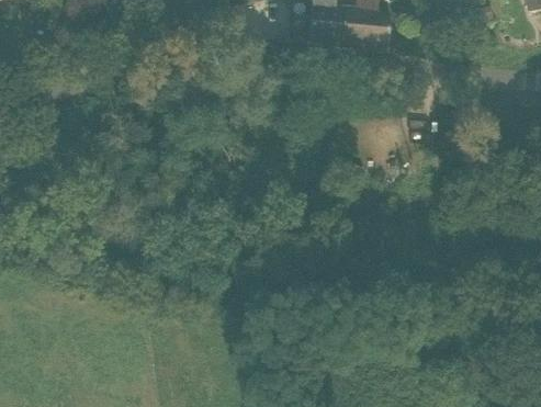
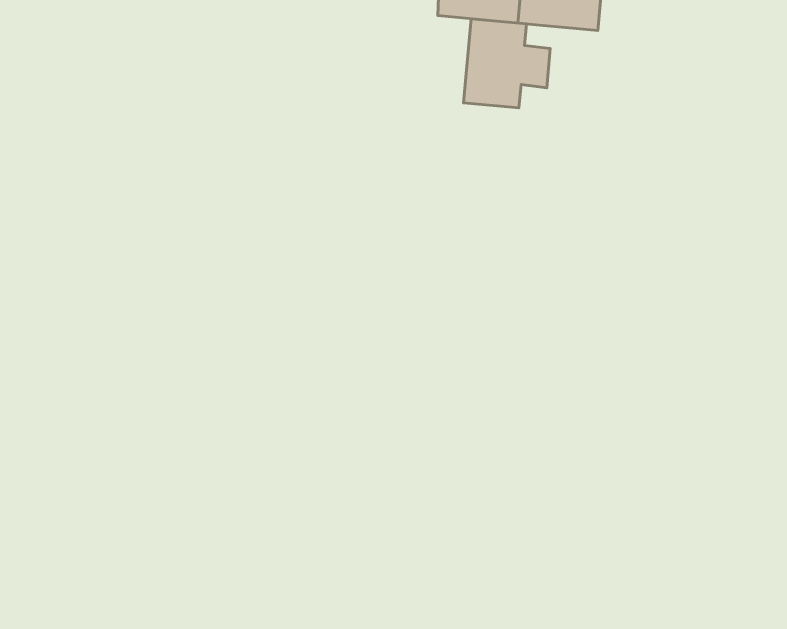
building: none -> [464,19,550,108]

